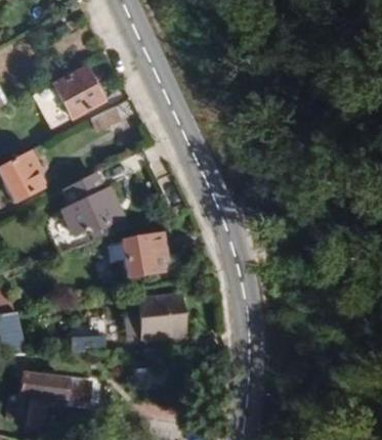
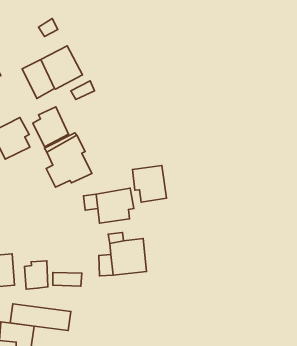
building: none -> [33,107,68,147]
building: none -> [132,166,167,202]
building: none -> [24,261,48,289]

